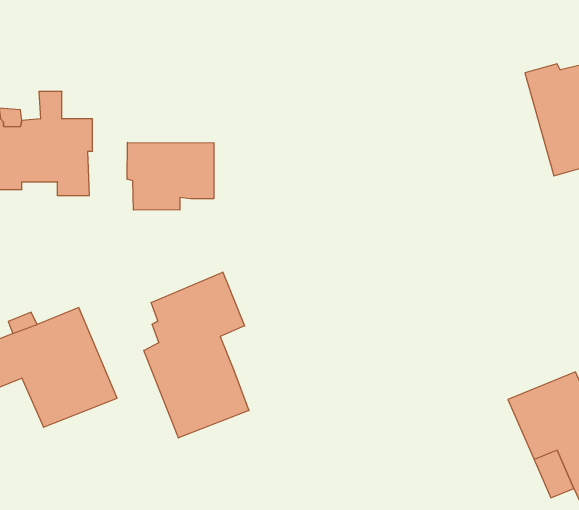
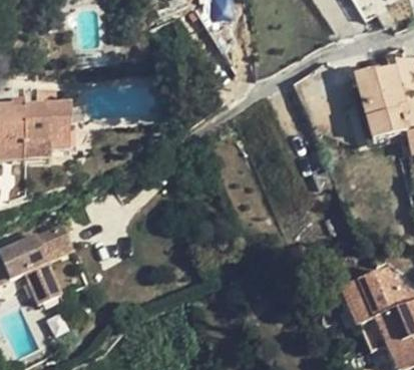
building: [127,142,214,210] -> none
building: [144,272,249,438] -> none

